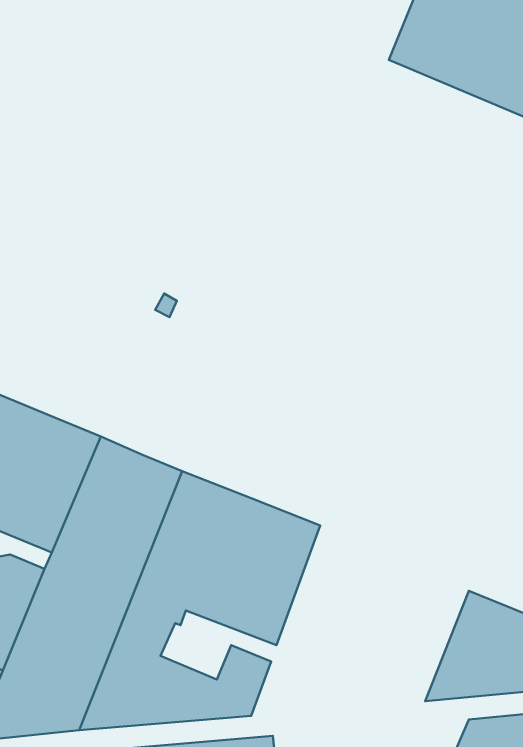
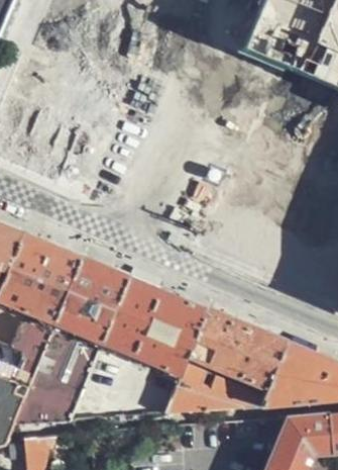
building: none -> [167,307,289,413]

